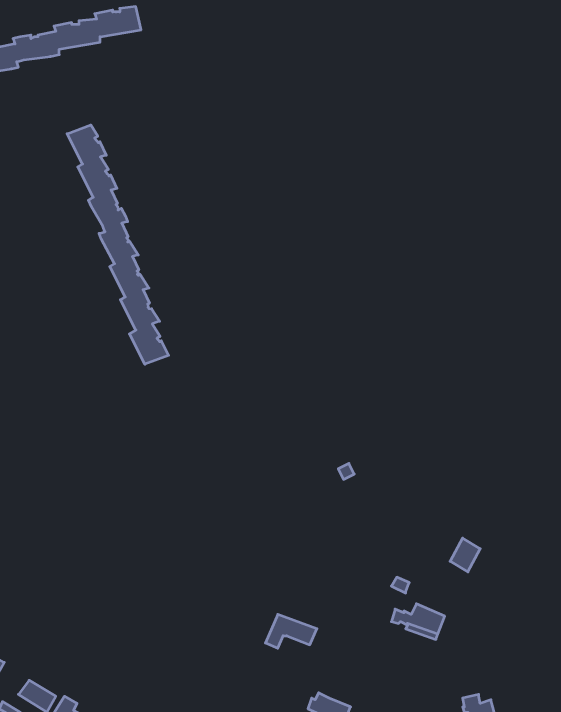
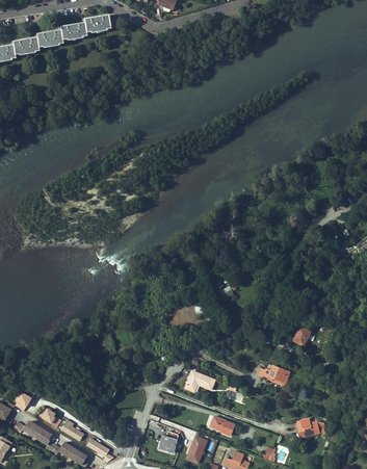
building: [67,125,169,364] -> none

